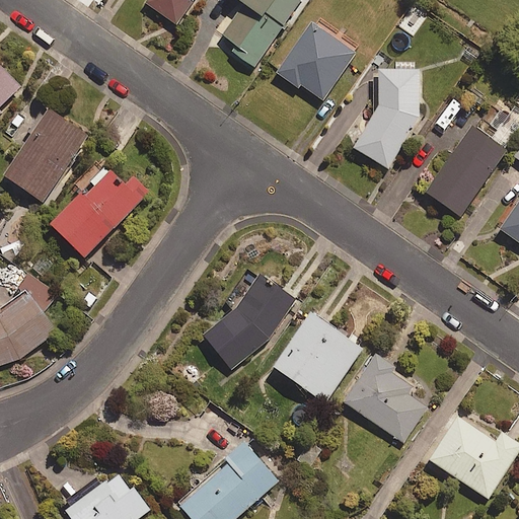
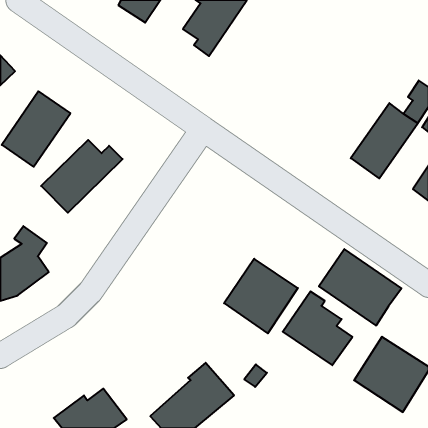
building: [278,18,355,100] -> none
building: [352,62,419,168] -> none
building: [203,274,295,370] -> none
building: none -> [319,249,401,326]

